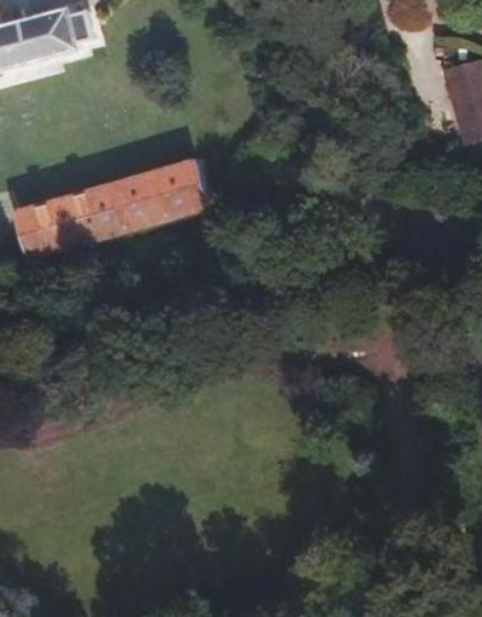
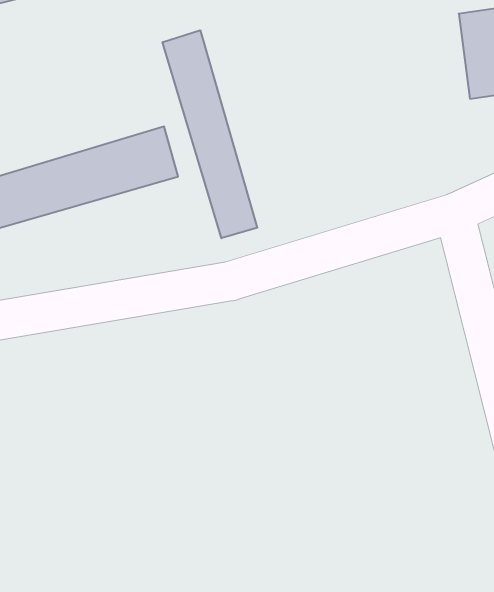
building: none -> [163,30,257,238]

